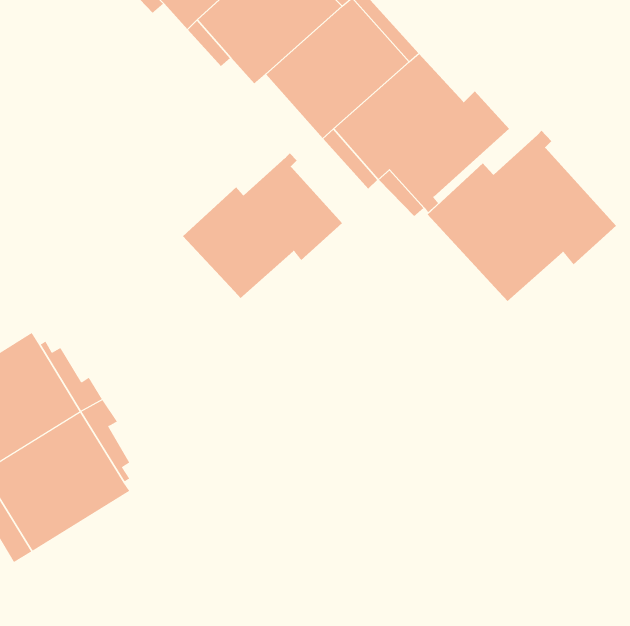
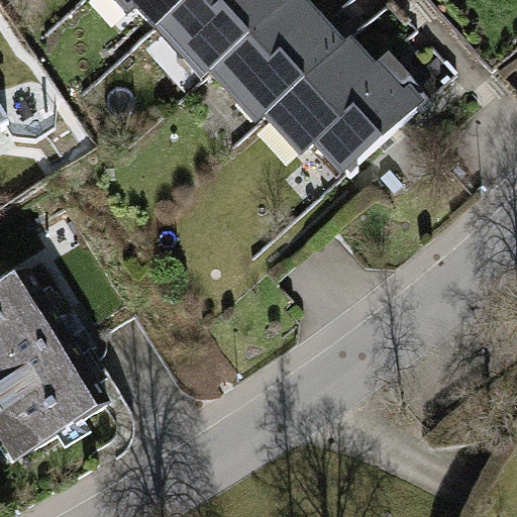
building: [427,130,617,302] -> none
building: [182,152,343,299] -> none

